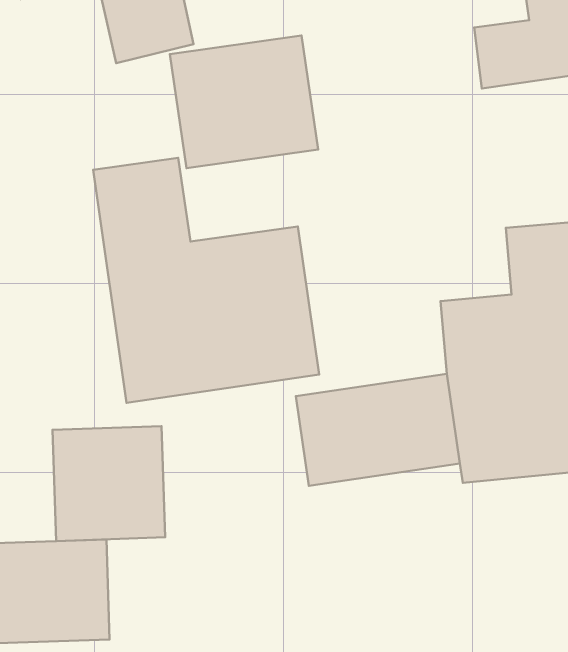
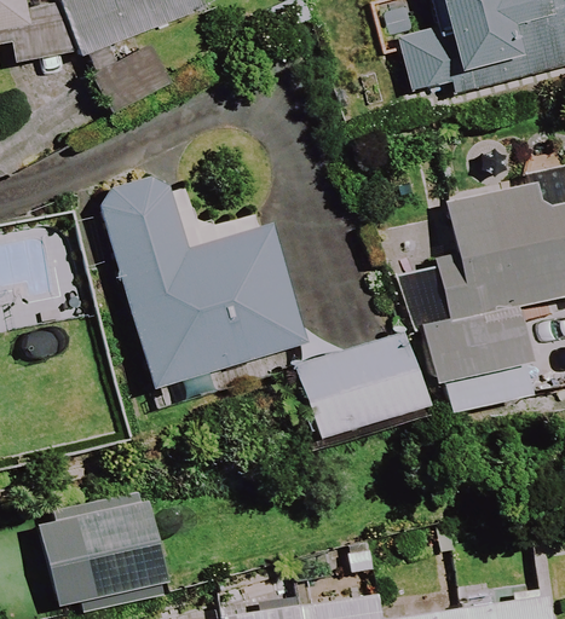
building: [170,35,318,168] -> none
building: [52,426,165,541] -> none

